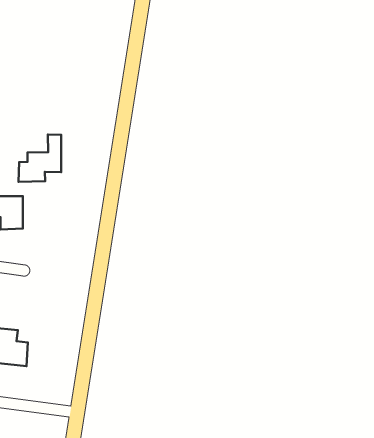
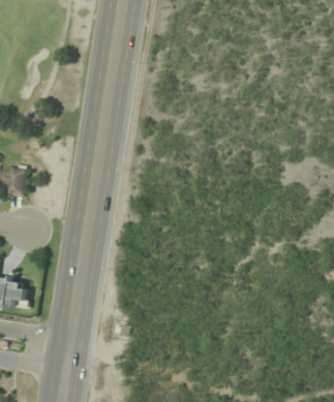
building: [19,135,61,182] -> none

